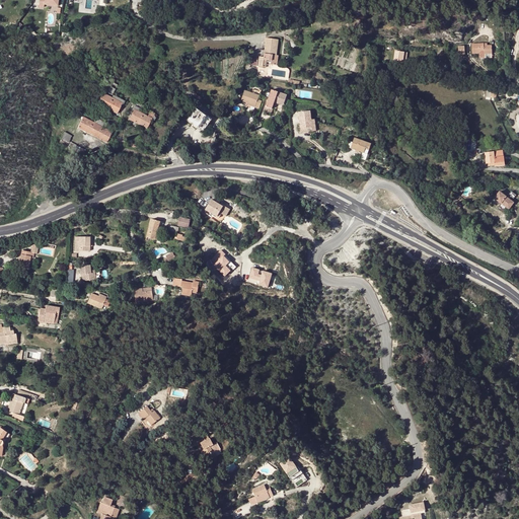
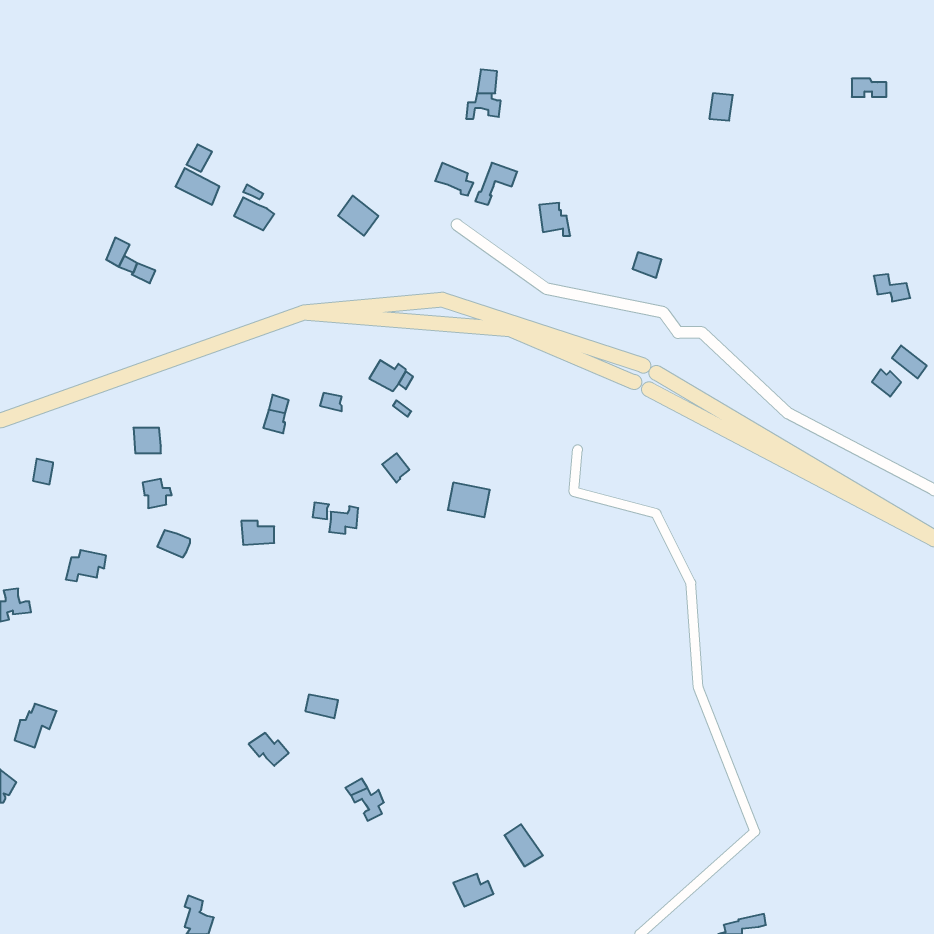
building: [78,118,112,142] -> none

